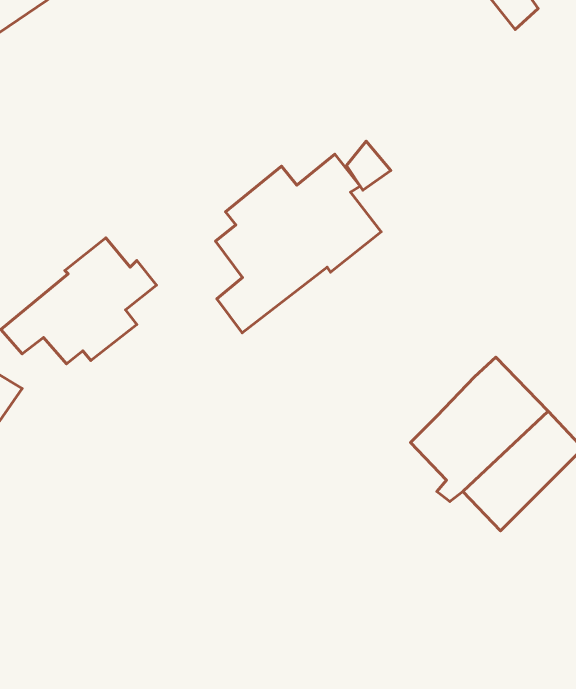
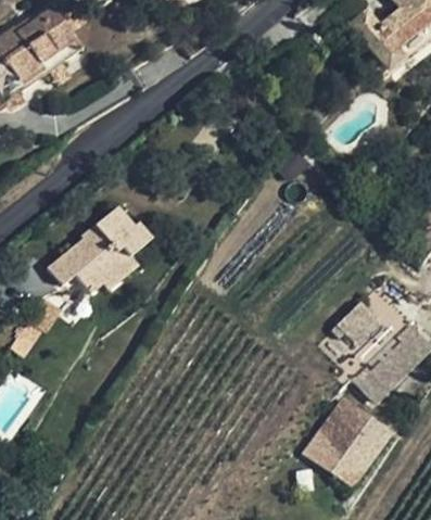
building: [216,154,381,333] -> none
building: none -> [303,395,394,489]

